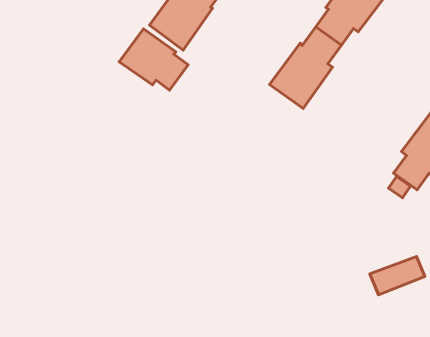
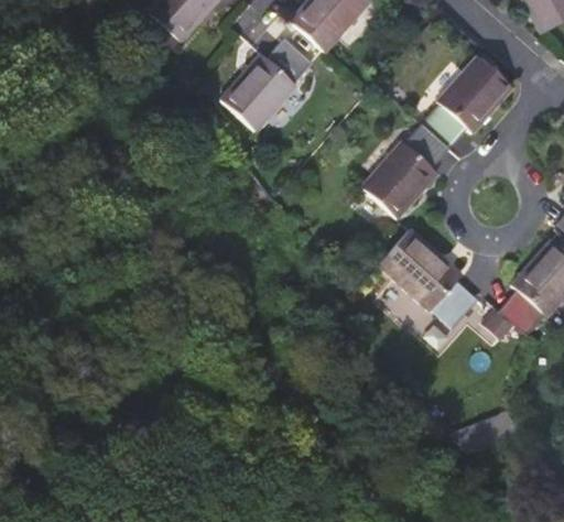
building: [119,29,188,90] -> none
building: none -> [379,228,476,325]

